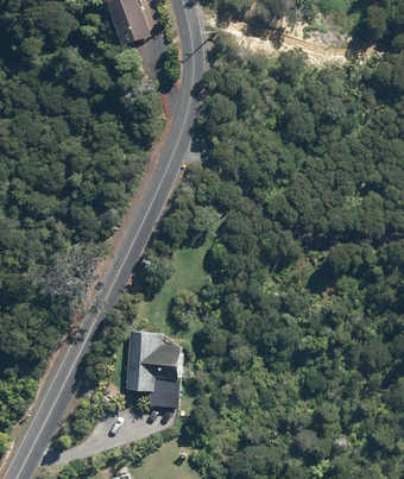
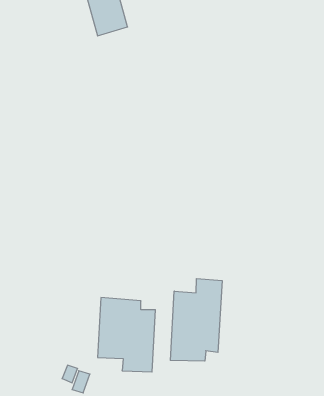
building: none -> [170,279,222,361]

